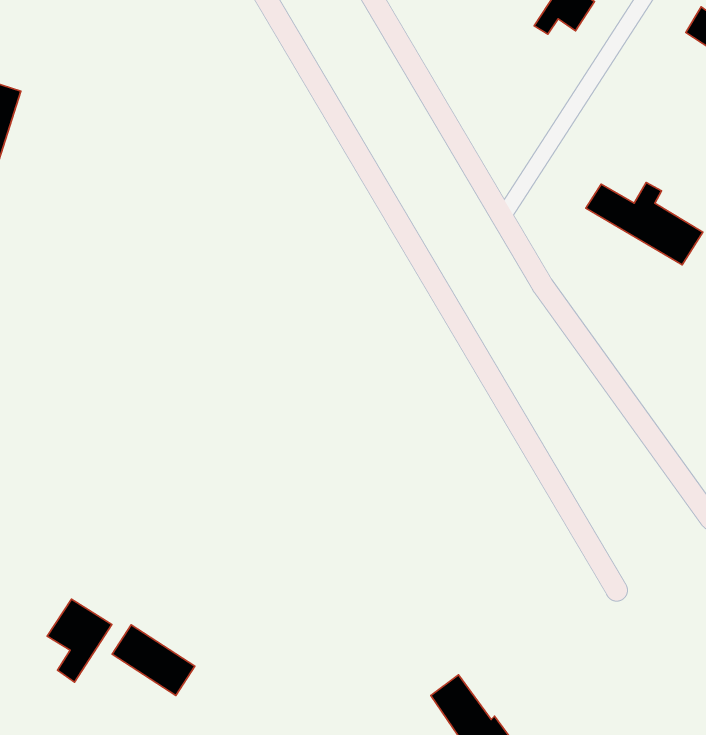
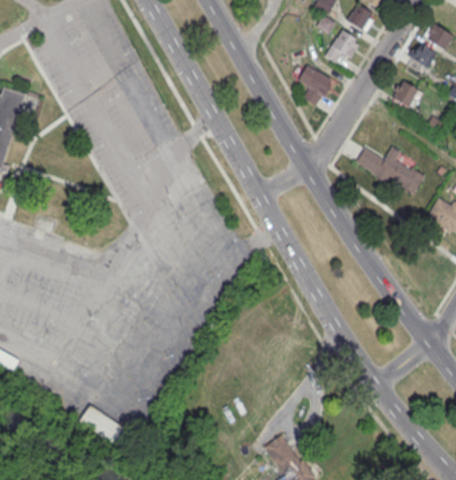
building: none -> [297,65,329,105]
building: none -> [392,81,418,107]
building: [47,599,112,682] -> none

